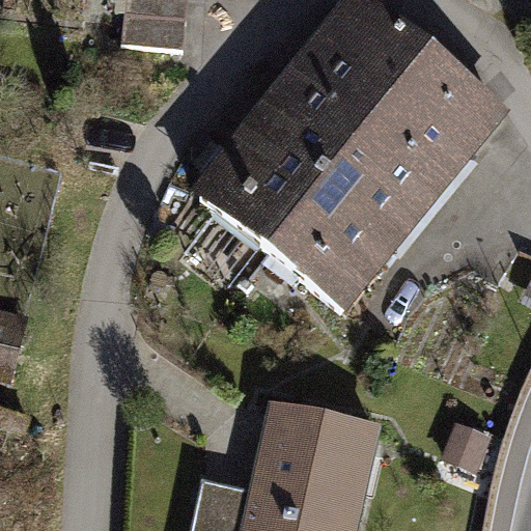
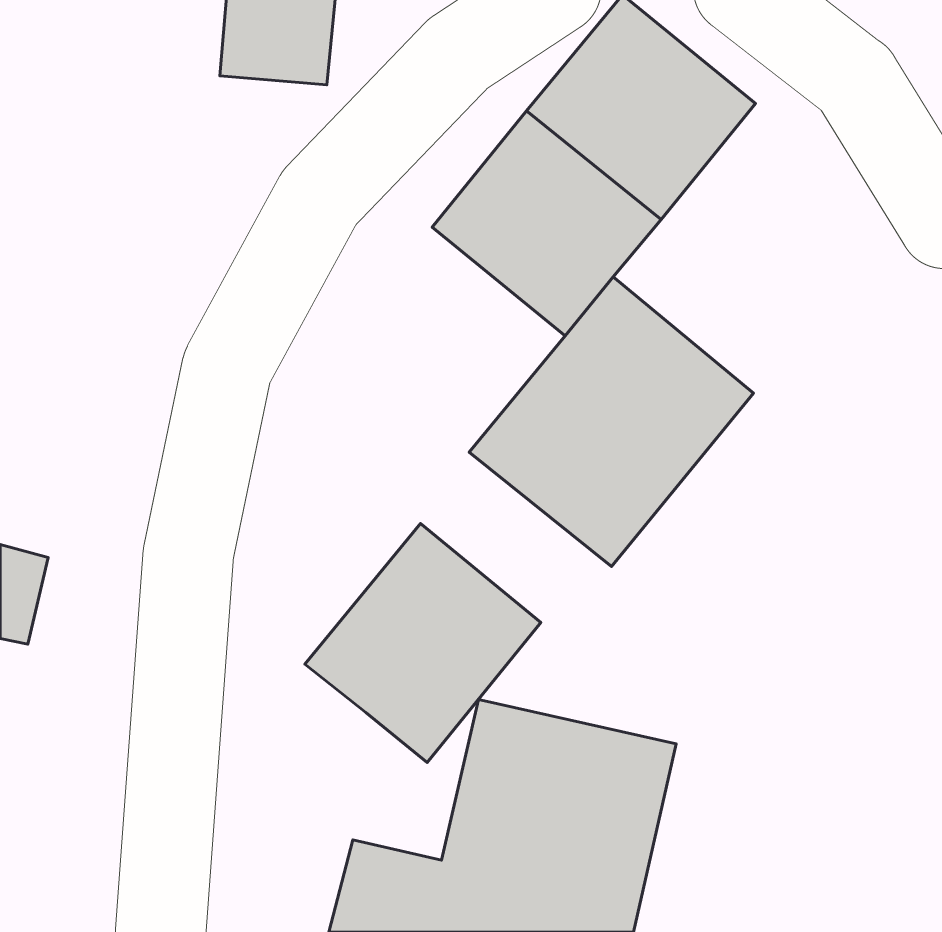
building: [345,58,505,221] -> none
building: [190,128,318,254] -> none
building: none -> [305,524,541,763]

